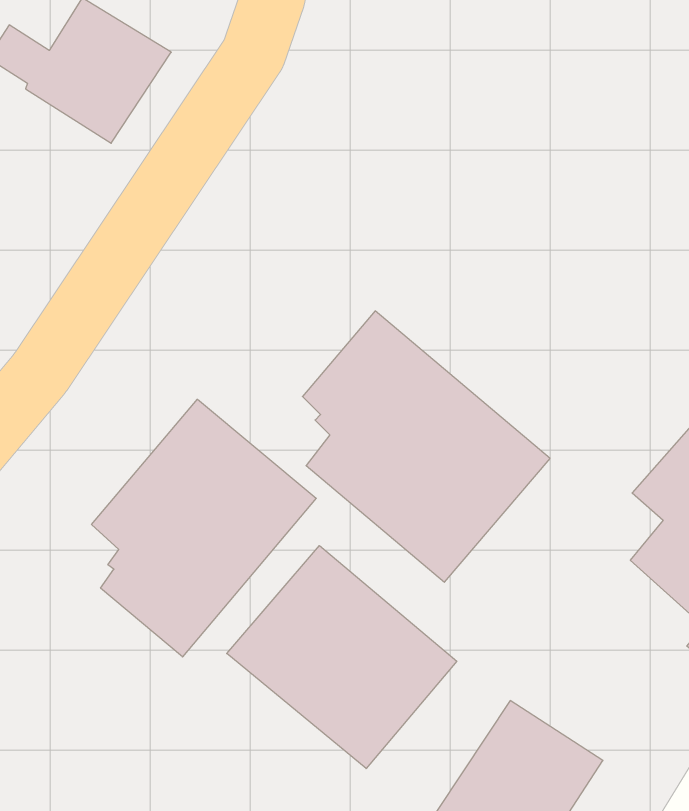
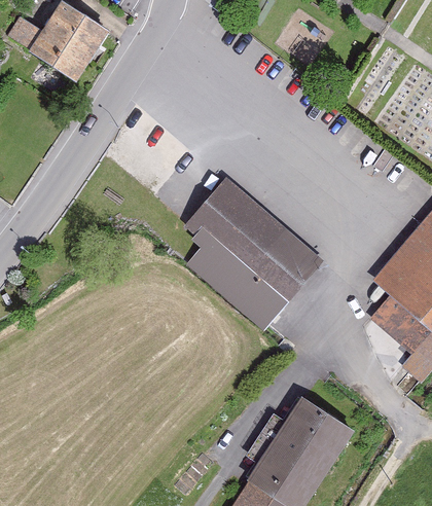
building: [92,399,316,657] -> none
building: [227,546,457,769] -> none

